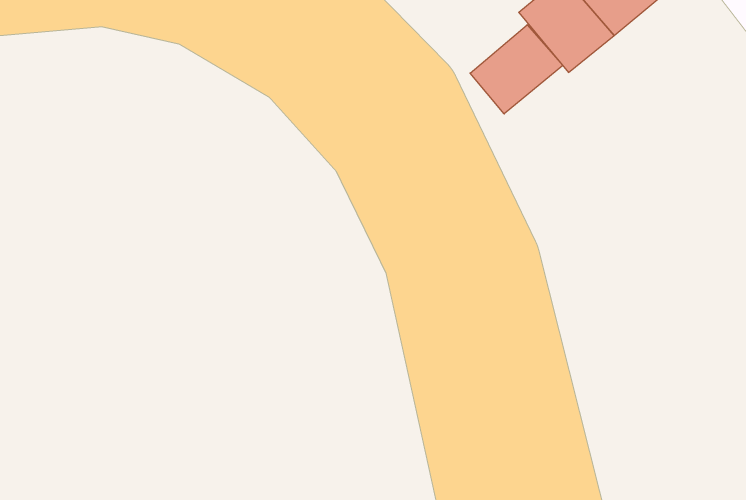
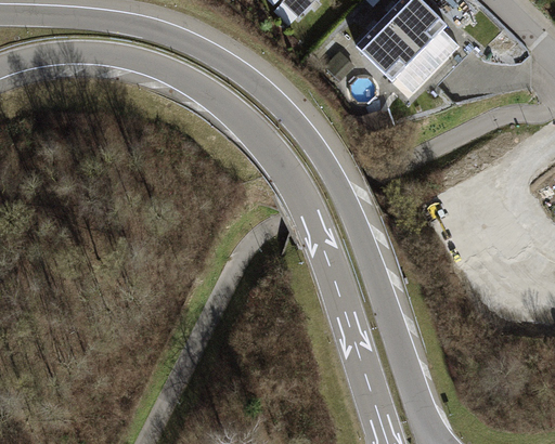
building: [470,25,563,114] -> none

